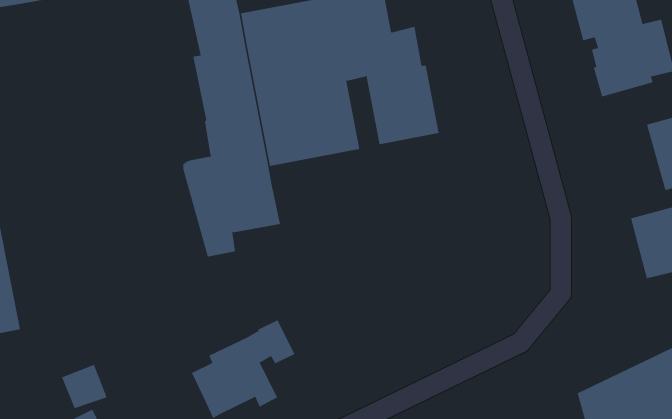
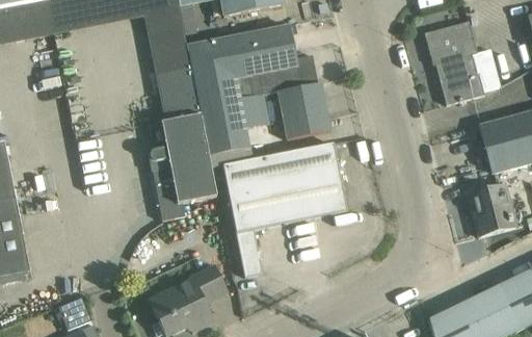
building: none -> [223,142,347,276]

